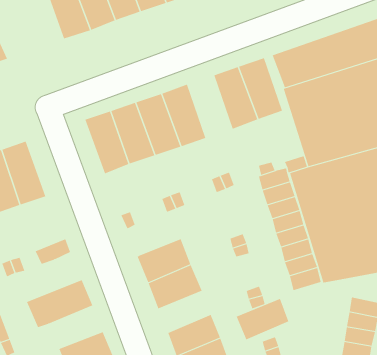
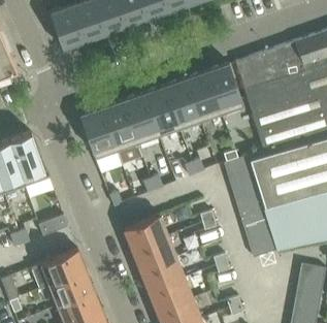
building: none -> [165,78,202,131]
building: [236,298,289,340] -> [140,258,185,293]
building: none -> [50,270,95,306]

